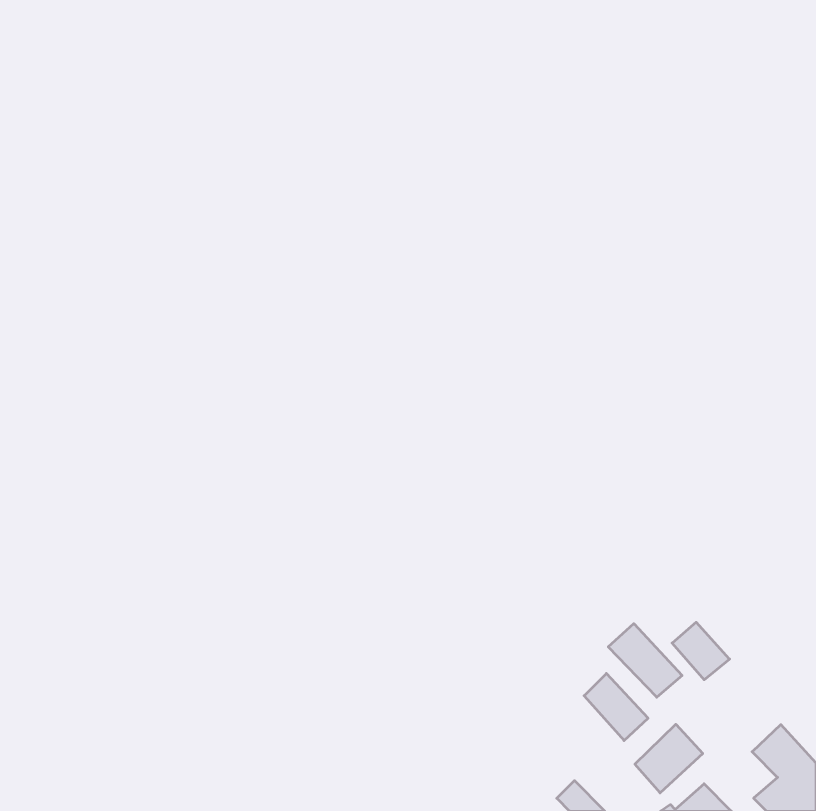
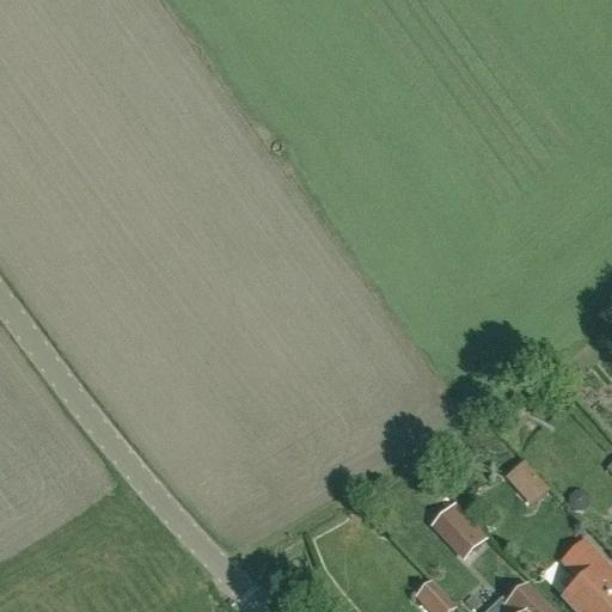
building: [608,624,682,697] -> none
building: [635,724,703,793] -> none

